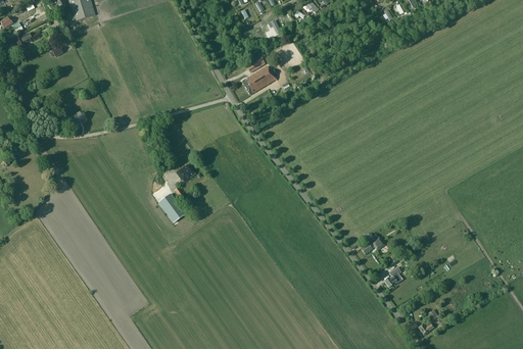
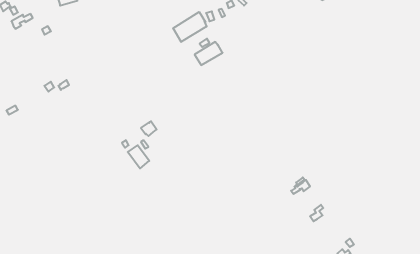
building: none -> [173,12,207,42]

